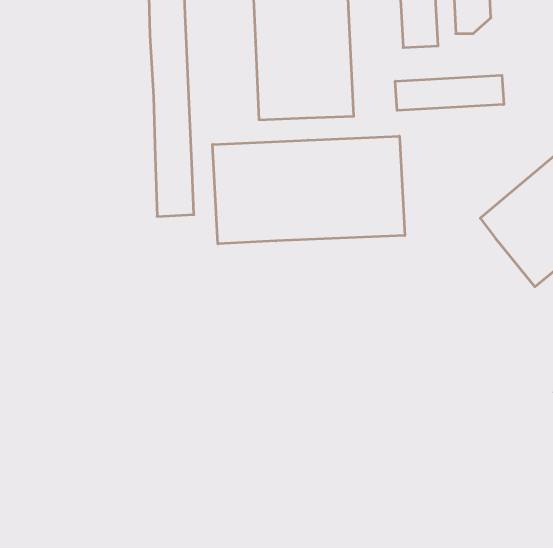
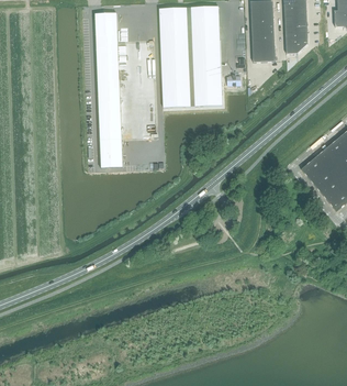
building: [395,75,504,110] -> none
building: [213,136,405,244] -> none

